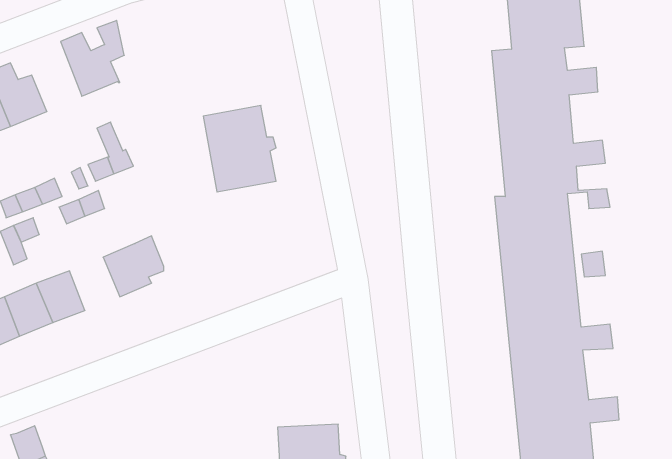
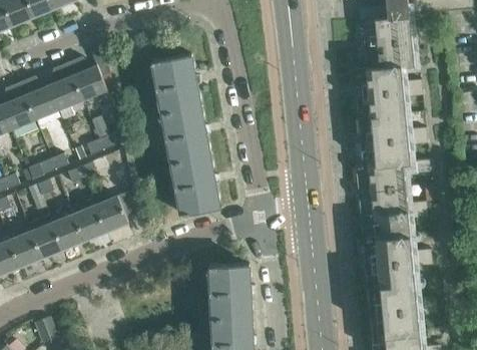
building: none -> [152,55,200,112]
building: none -> [49,63,82,119]
building: none -> [171,155,219,215]
building: none -> [74,206,107,241]
building: none -> [209,265,255,318]

